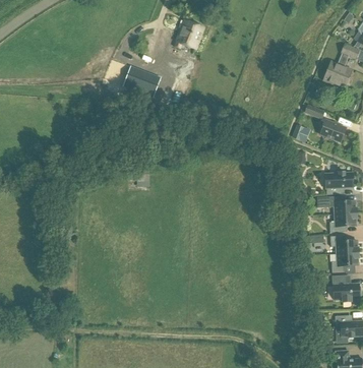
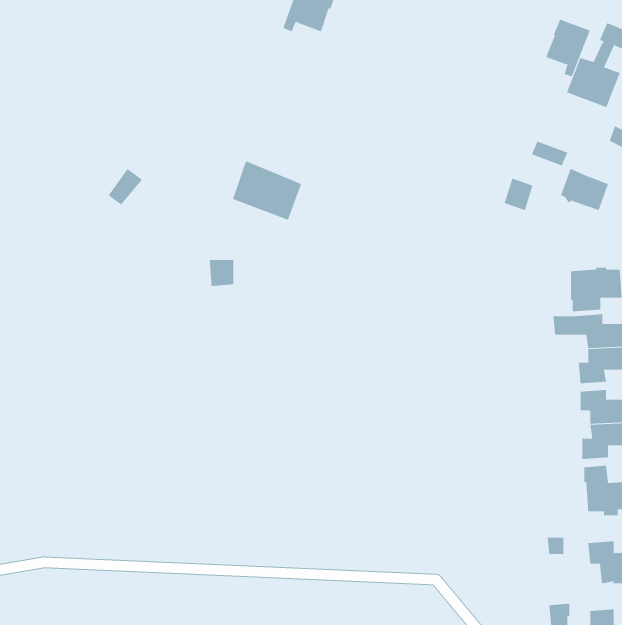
building: none -> [546,19,591,77]
building: [124,65,161,97] -> [232,160,302,221]

